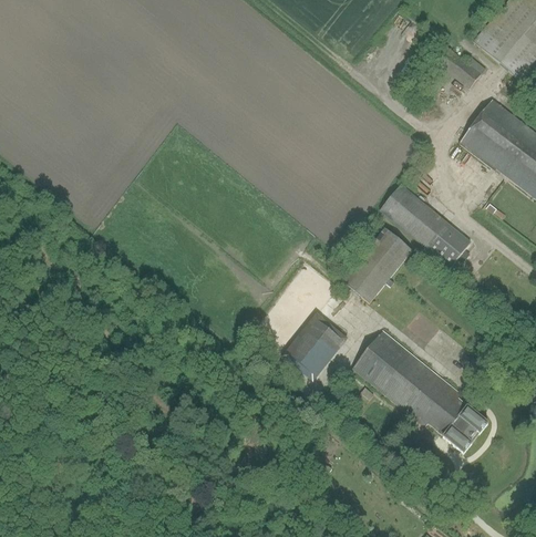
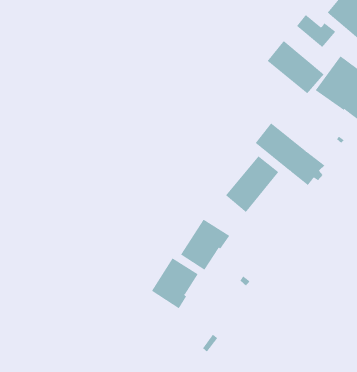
building: none -> [267,40,325,94]
building: [351,330,487,454] -> none
building: none -> [151,258,198,309]

